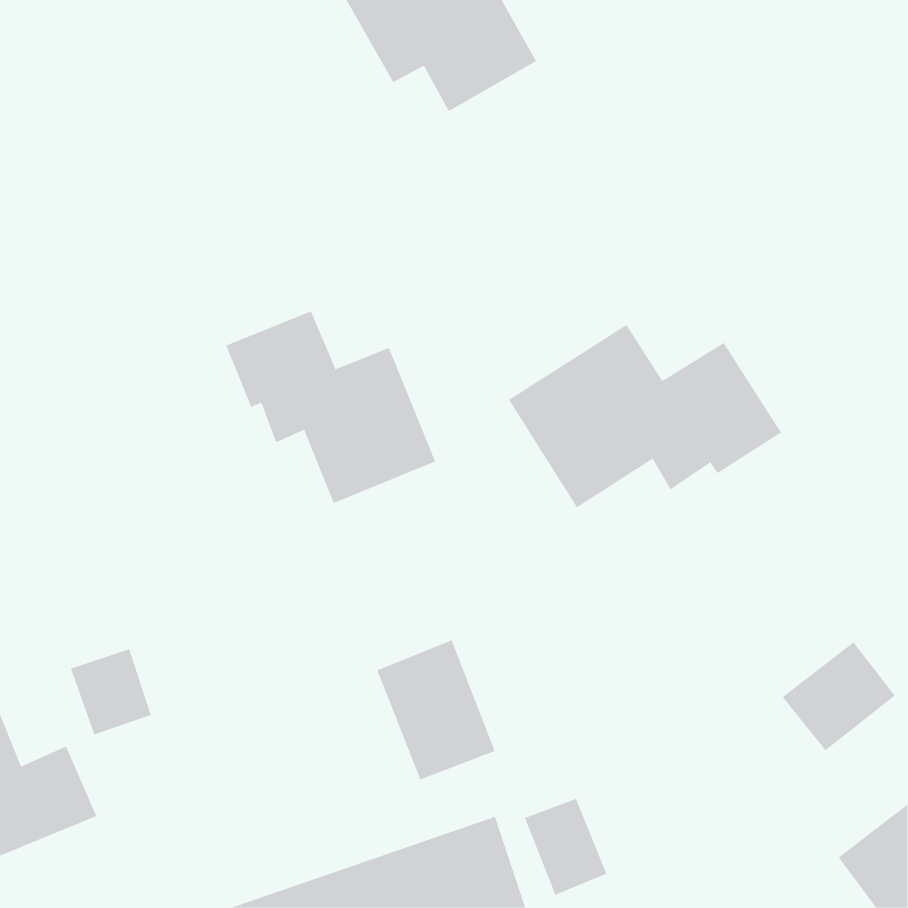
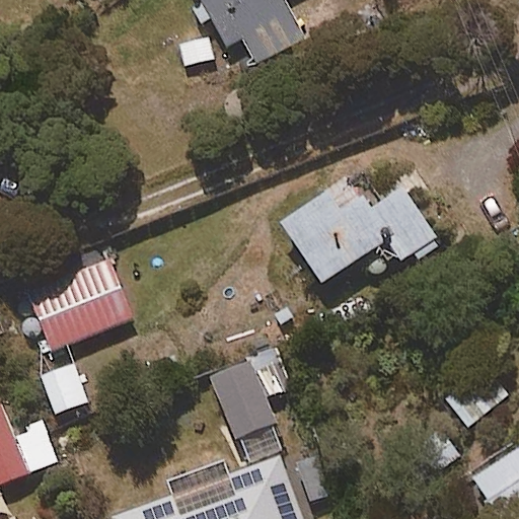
building: [225,310,436,504] -> none
building: none -> [24,261,130,350]

